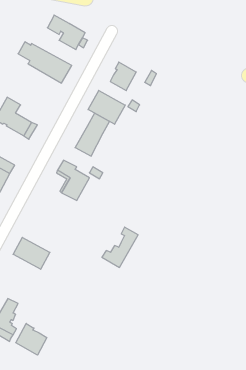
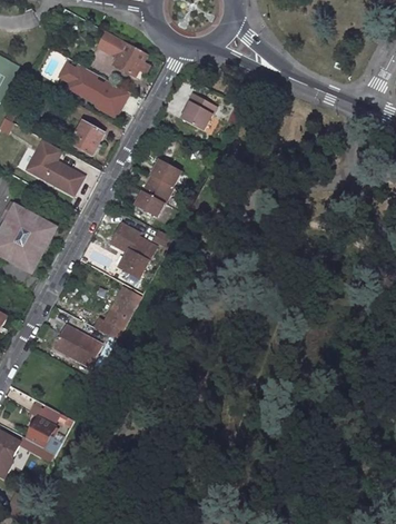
building: none -> [71,122,103,156]
building: [88,90,125,124] -> none
building: [102,227,138,267] -> [91,285,139,338]
building: [16,323,47,355] -> none

